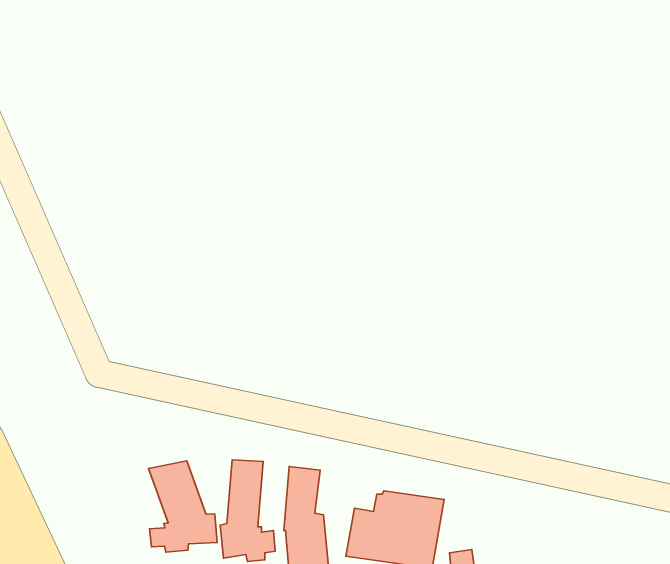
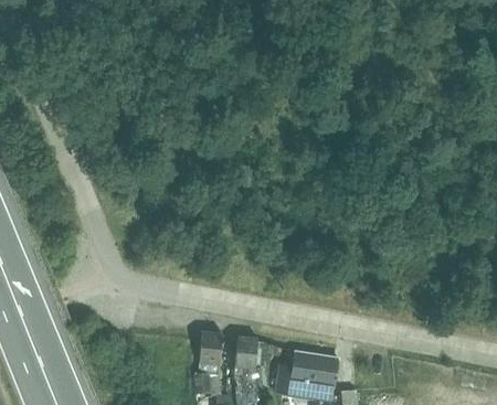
building: [148,461,217,552] -> none

